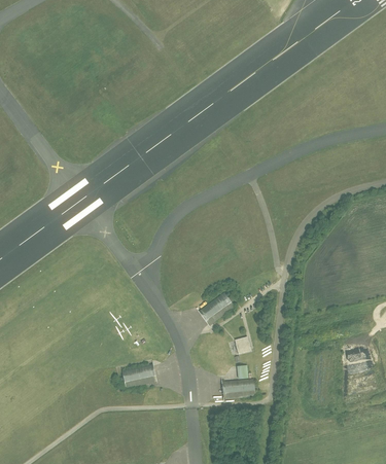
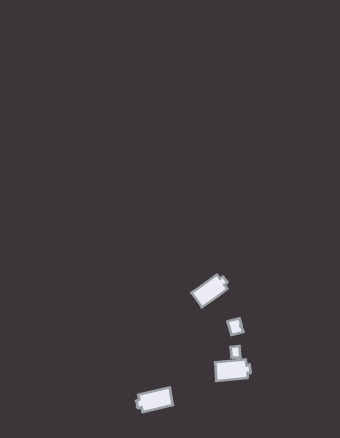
building: [118,362,155,387] -> [136,388,173,412]

